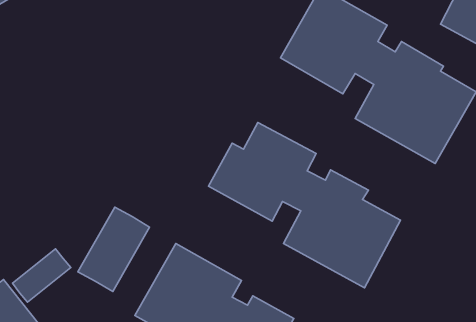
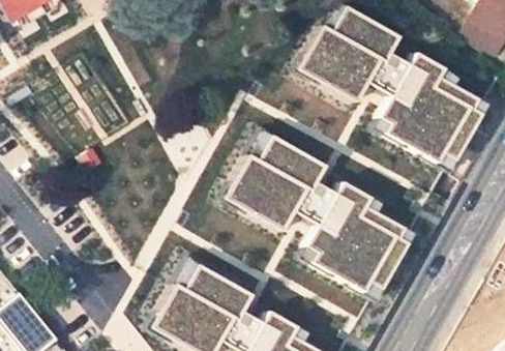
building: [78,207,150,292] -> none
building: [12,249,71,302] -> none

